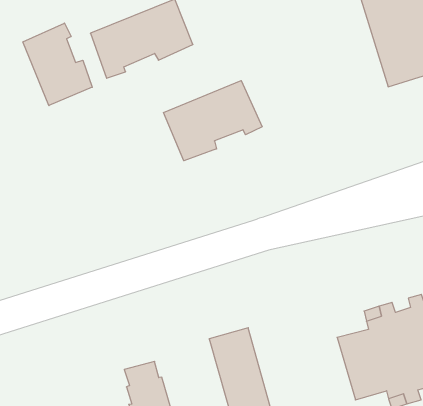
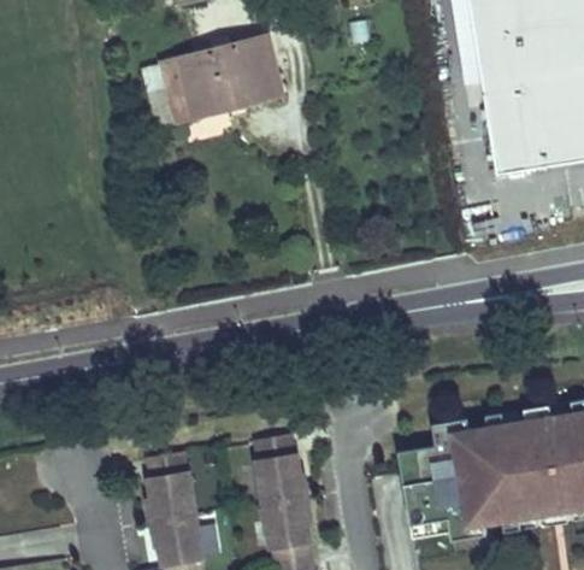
building: [23,23,92,106] -> none
building: [164,81,262,161] -> none

